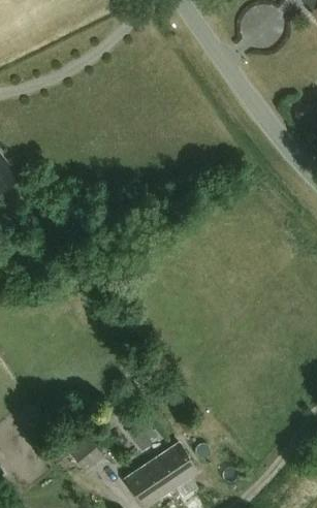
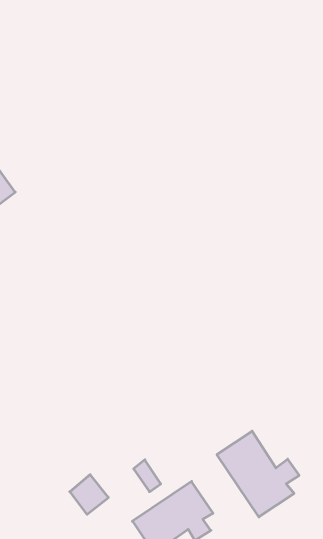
building: none -> [217,431,299,517]

